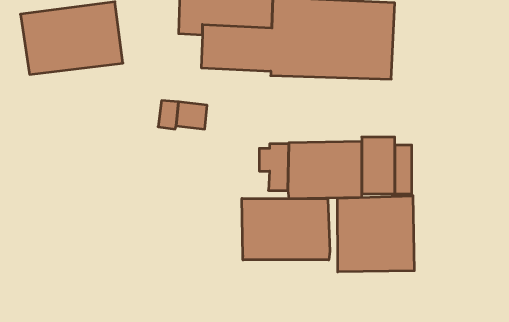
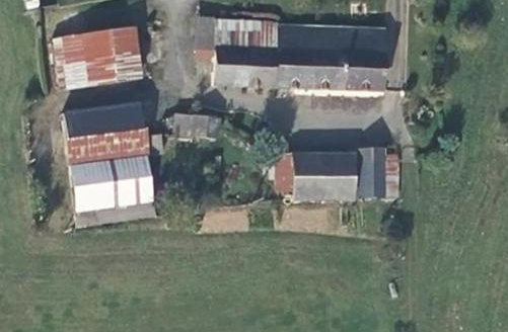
building: none -> [63,99,167,226]
building: [337,196,414,272] -> none
building: [242,198,330,260] -> none

